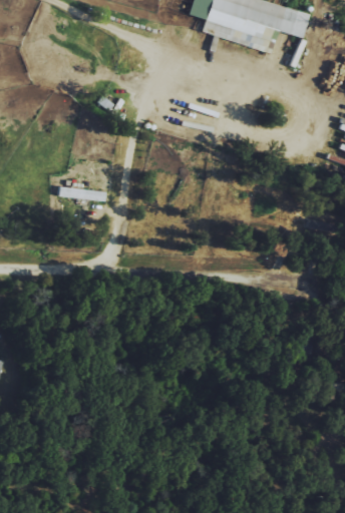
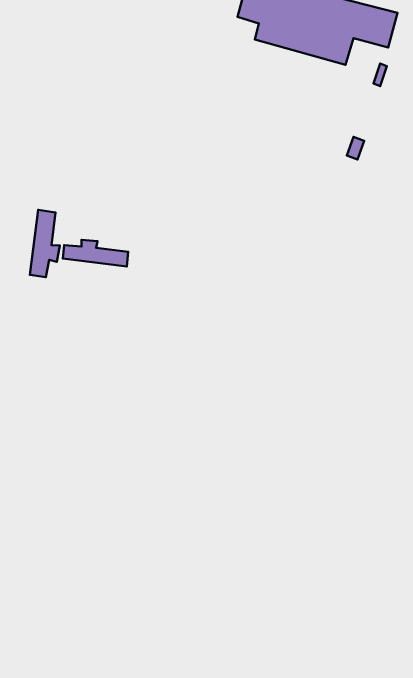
building: none -> [30,210,60,277]

